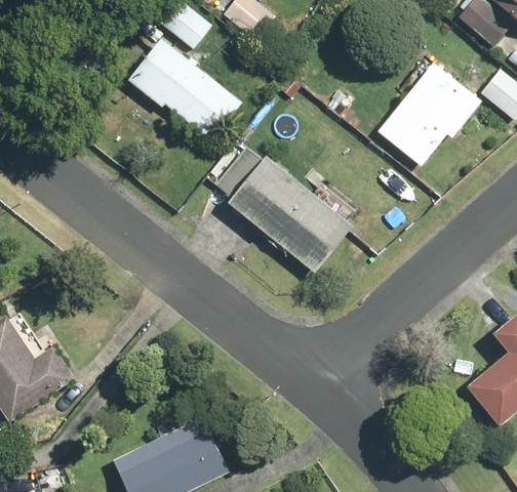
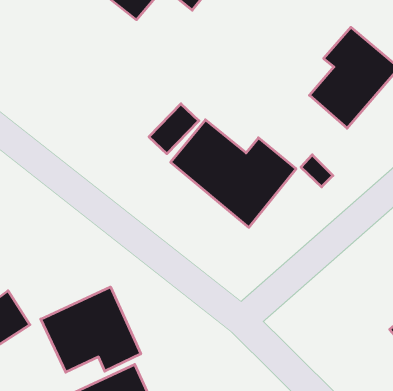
building: [128,39,243,140] -> none
building: none -> [41,287,141,372]

